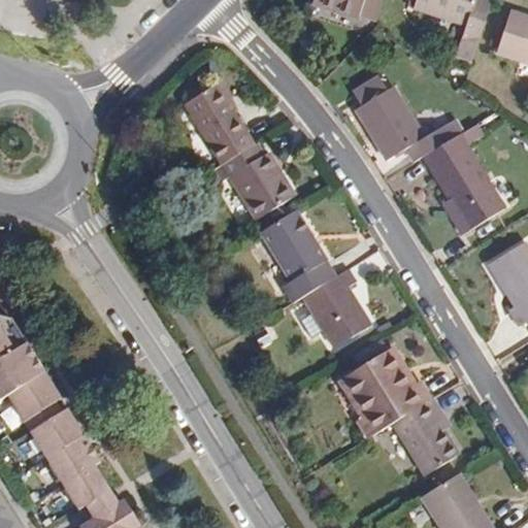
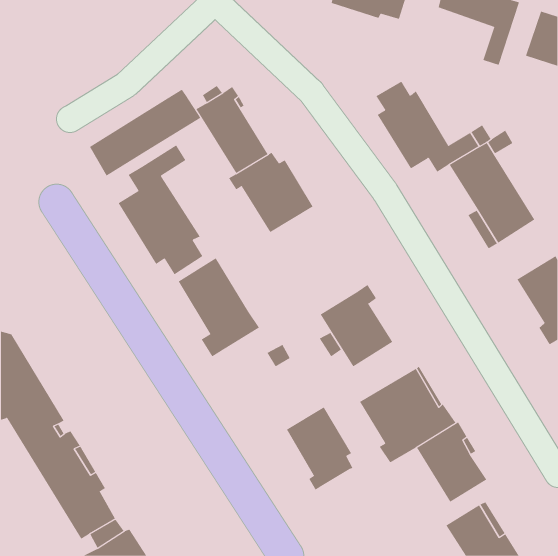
building: none -> [89,89,201,177]
building: none -> [118,145,203,275]
building: [260,209,337,303] -> [178,258,260,357]
building: none -> [286,407,353,491]

